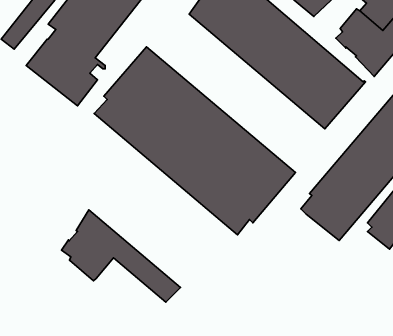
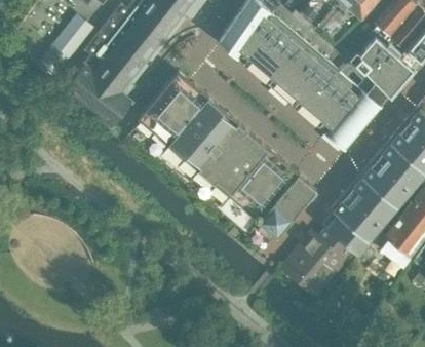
building: [62,210,181,302] -> none
building: none -> [282,228,358,286]

